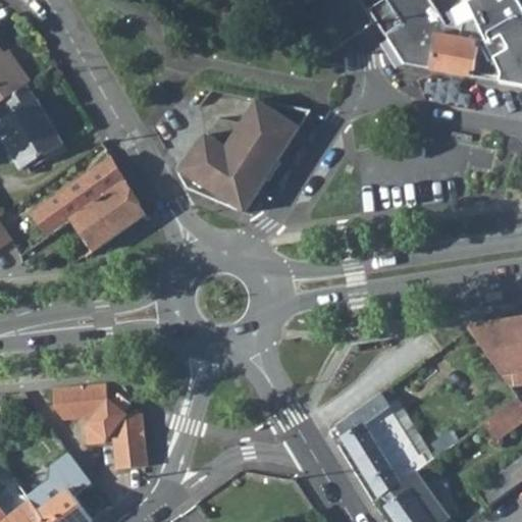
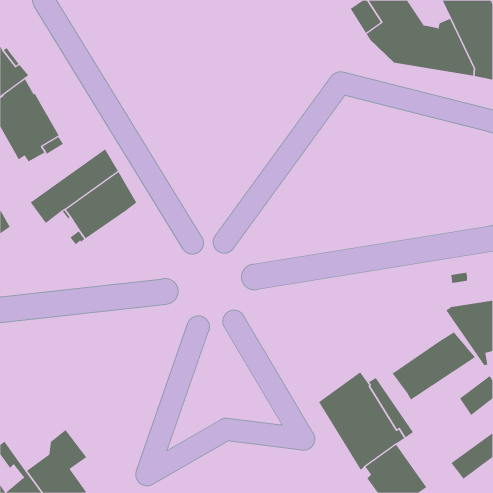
building: [177,100,310,213] -> none
building: none -> [392,331,476,400]
building: [53,384,147,469] -> none

